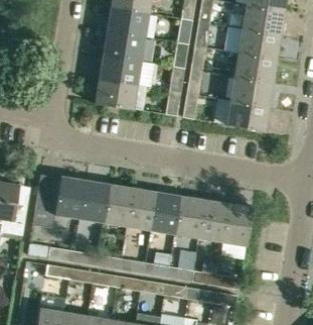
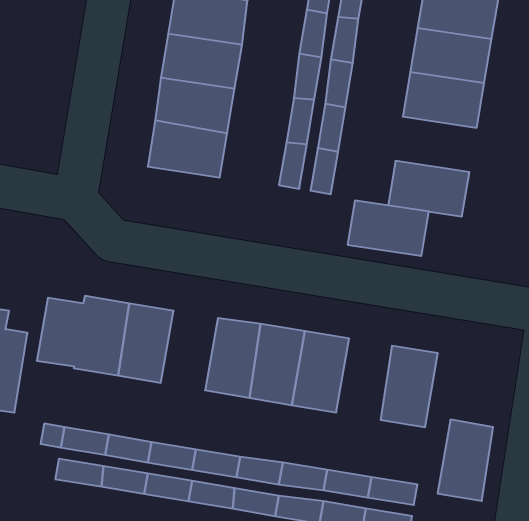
building: [228,78,273,108] -> [348,200,429,256]
building: [101,184,132,227] -> none
building: [196,199,226,243] -> [438,420,493,501]

